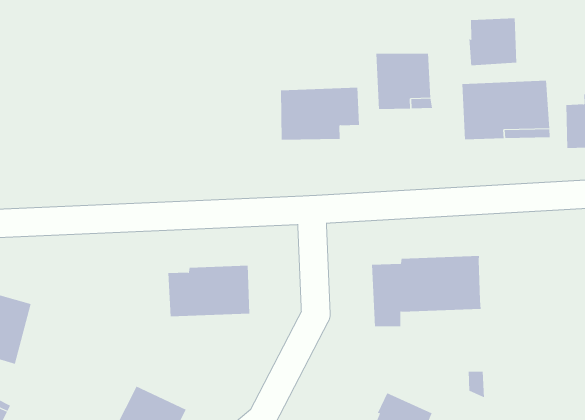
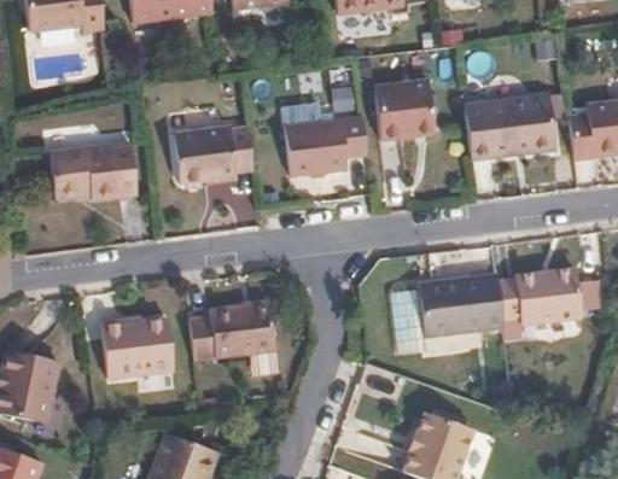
building: [469,17,517,66] -> none
building: none -> [175,125,253,186]
building: none -> [51,141,138,198]
building: none -> [499,268,583,325]
building: none -> [101,320,175,379]

